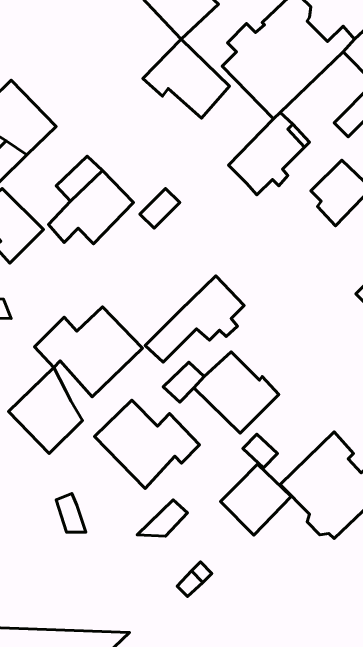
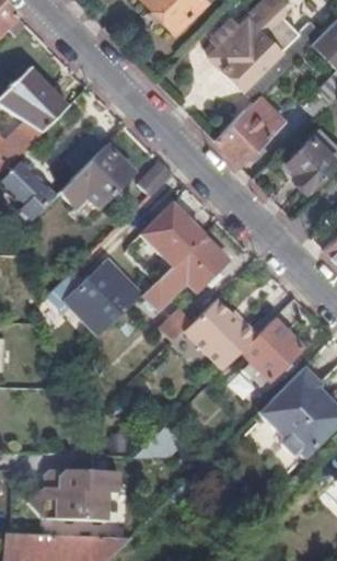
building: [143,39,230,118] -> none
building: none -> [141,204,204,265]
building: [8,367,82,453] -> none
building: [95,400,199,489] -> none
building: [220,464,291,535] -> [242,320,302,380]
building: none -> [43,470,120,522]

